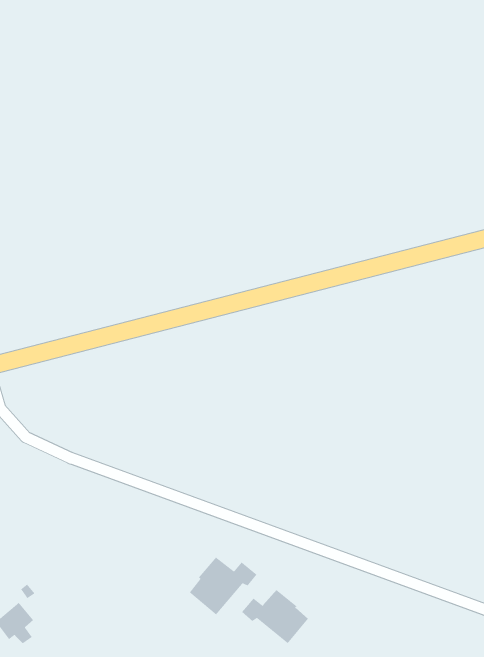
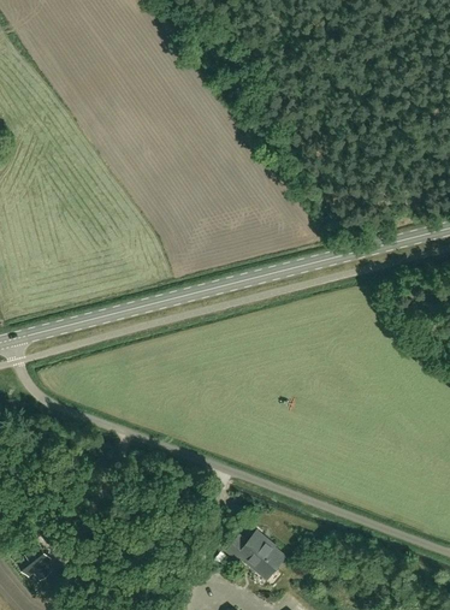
building: [189,557,257,615] -> none

